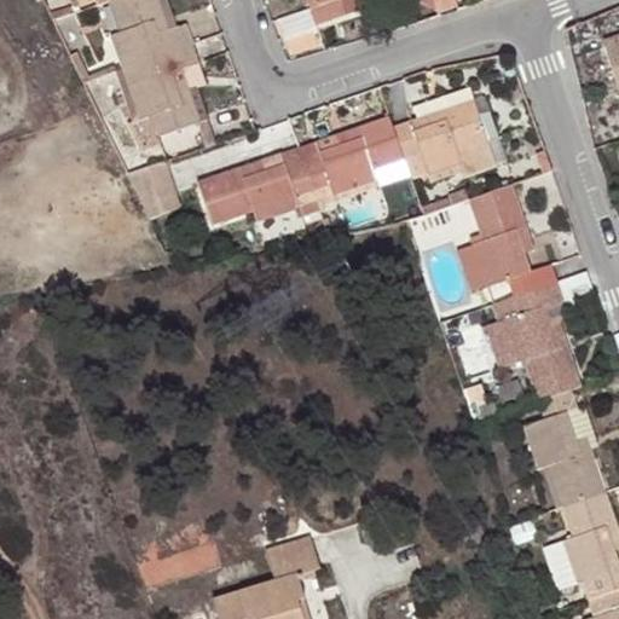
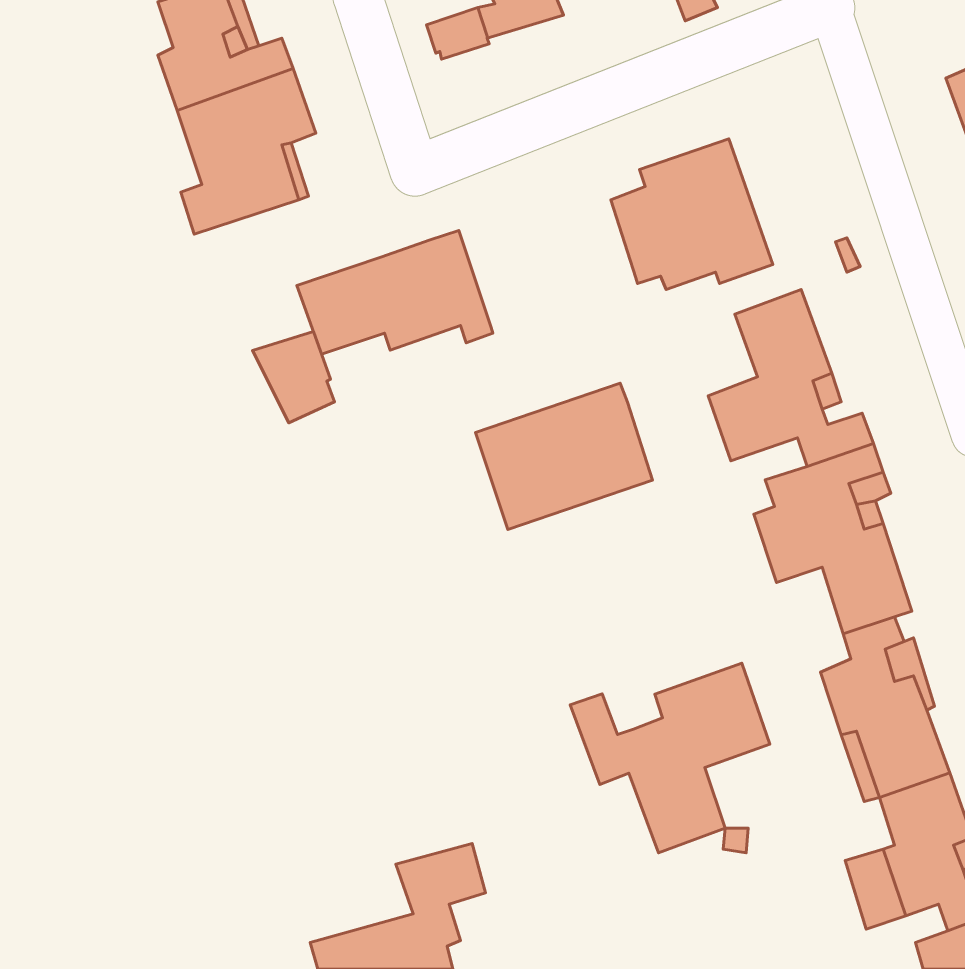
building: [296,115,409,208] -> [475,383,652,530]
building: [126,160,178,218] -> [253,332,334,423]
building: none -> [570,663,770,853]

